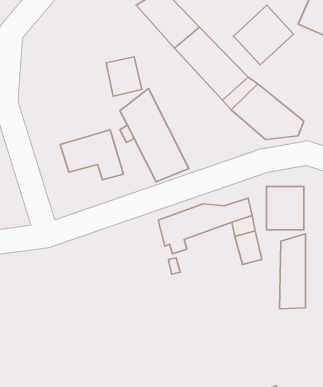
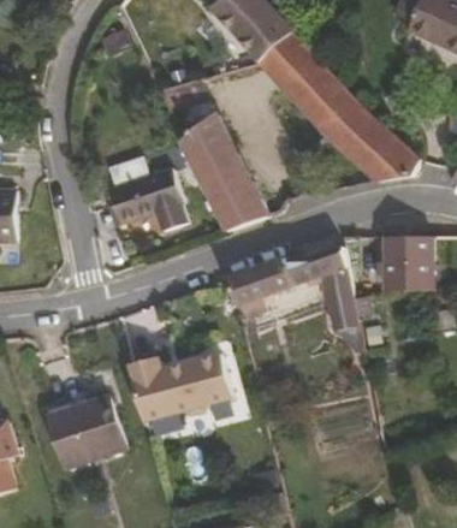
building: [233,5,293,65] -> none
building: [279,234,305,309] -> none
building: none -> [136,343,242,421]
building: none -> [49,397,127,468]

